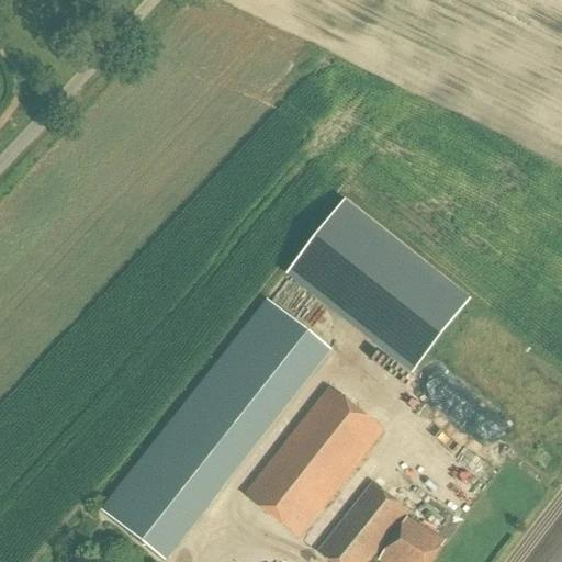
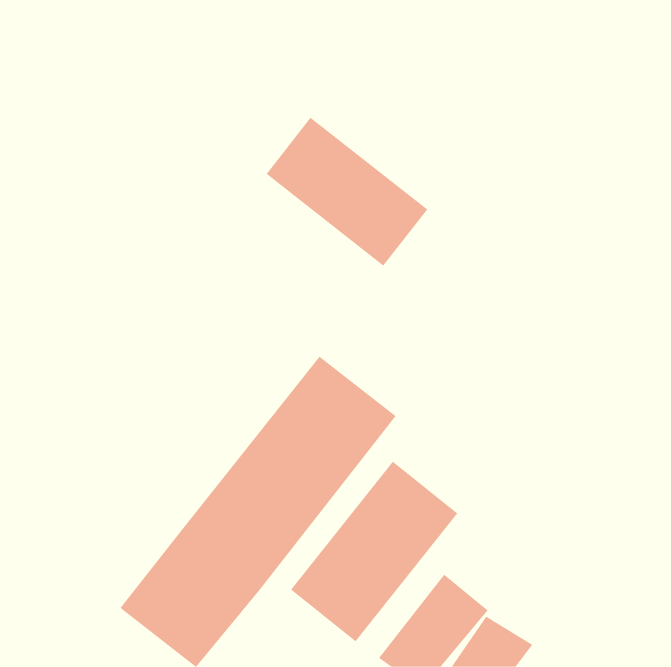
building: none -> [266,117,428,267]
building: [290,203,468,369] -> none

